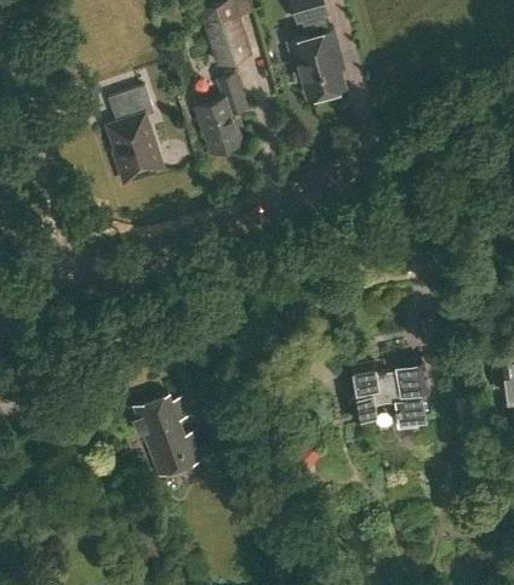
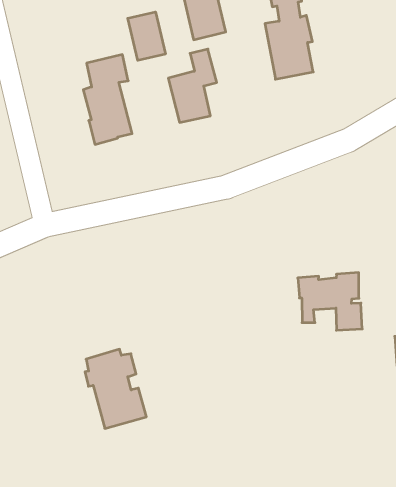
building: none -> [128,12,165,60]
building: [352,362,423,424] -> [298,273,362,330]

